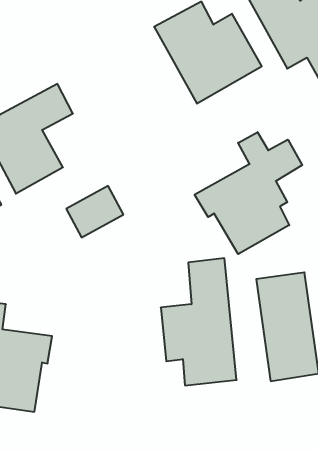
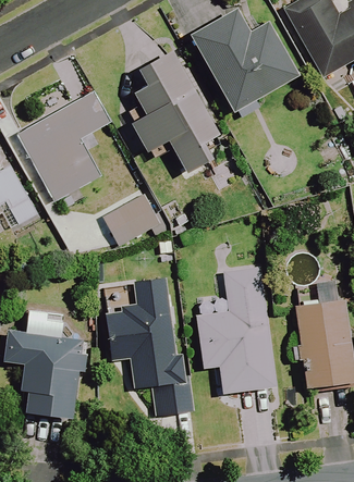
building: none -> [131,51,219,173]
building: [195,132,302,254] -> none
building: none -> [106,277,192,415]

